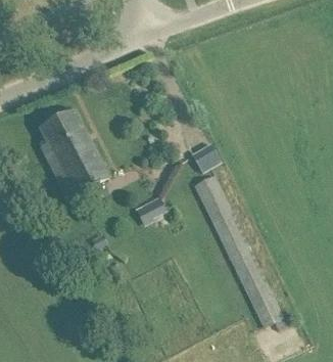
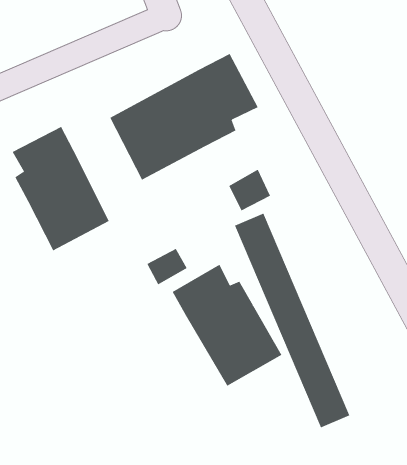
building: none -> [109,53,259,180]
building: none -> [172,264,282,386]

